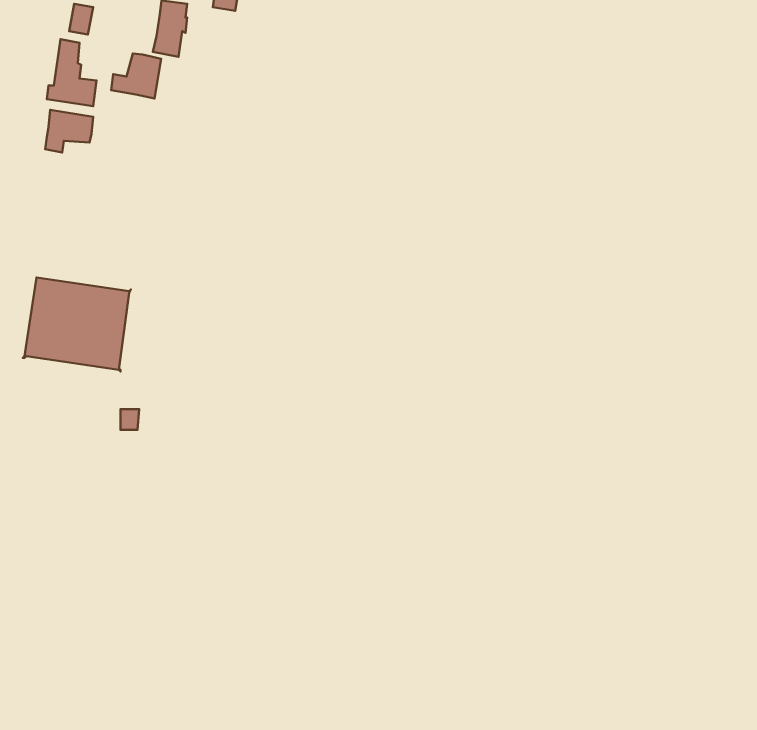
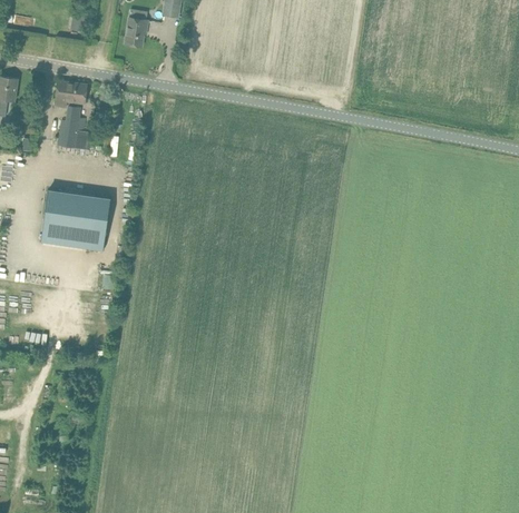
building: [47,39,97,106] -> [59,107,91,150]
building: [111,53,161,98] -> none

